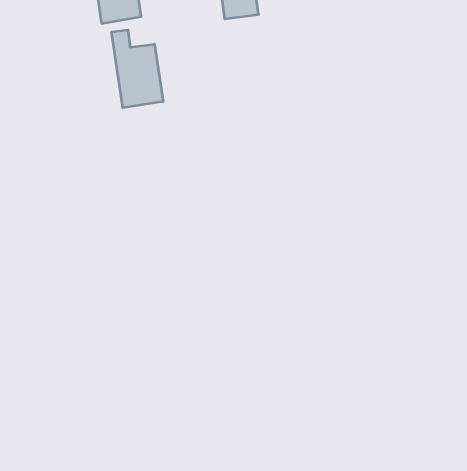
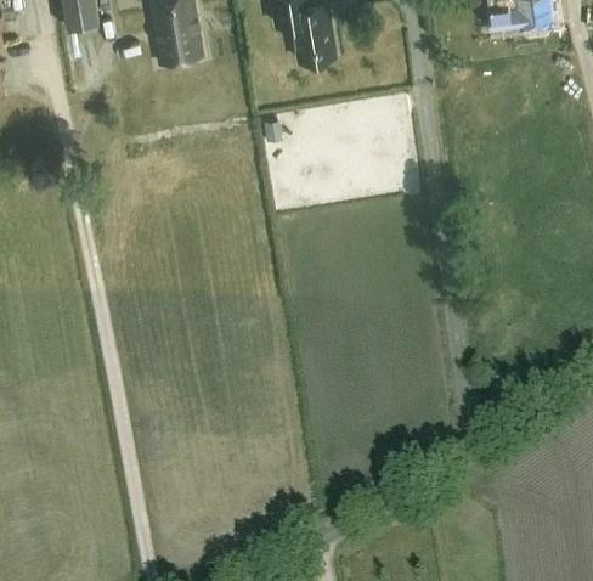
building: [112,30,163,108] -> none

